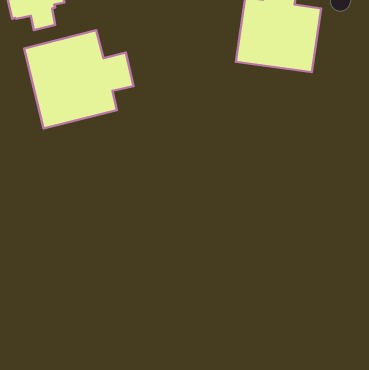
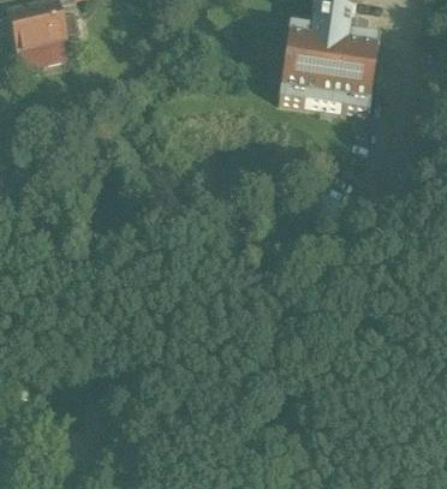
building: [24,30,134,129] -> none

